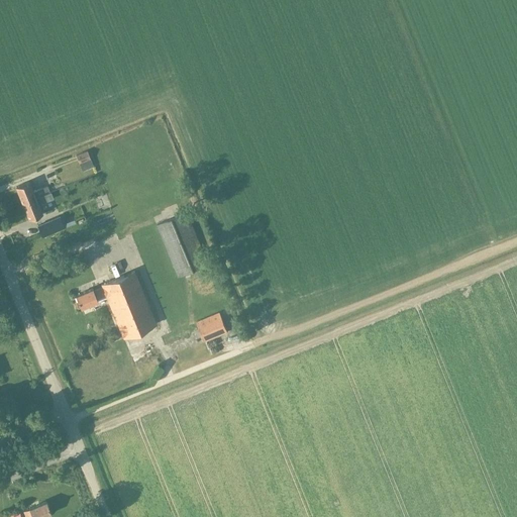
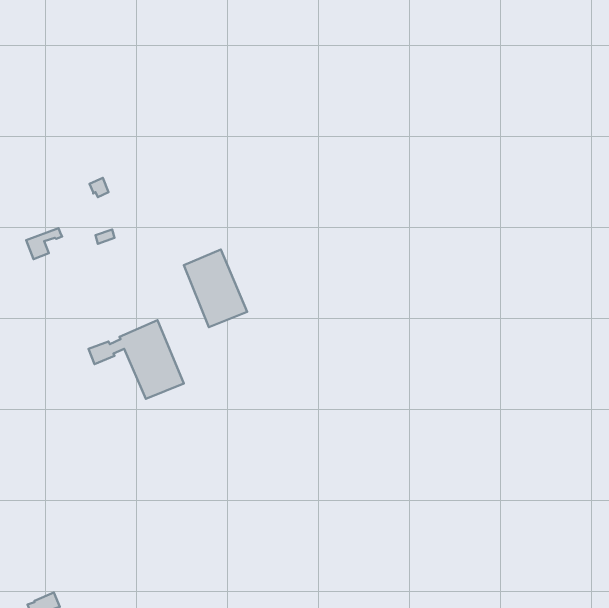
building: [16,184,50,205] -> none
building: [197,314,228,343] -> none

